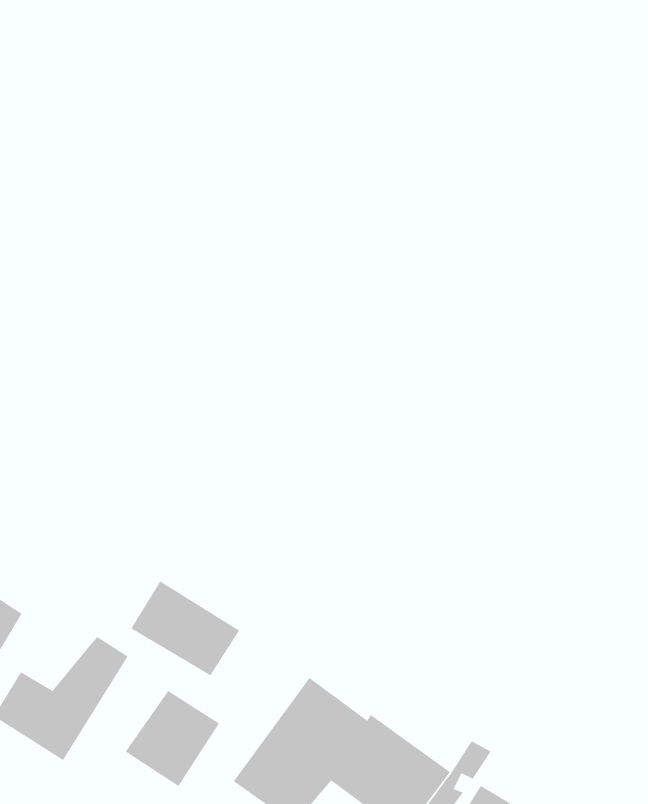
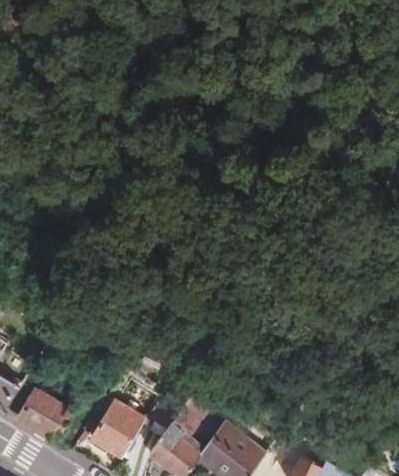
building: [130,580,240,676] -> none

